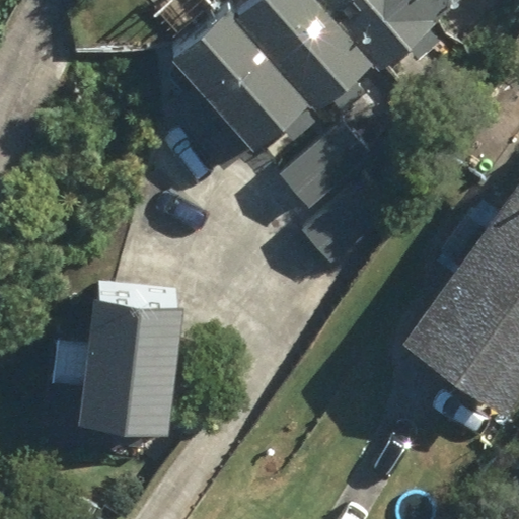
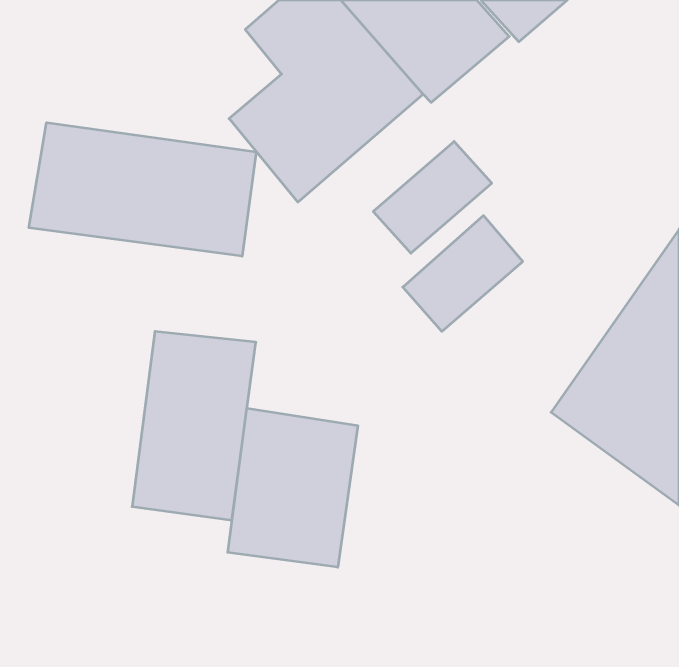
building: none -> [29,123,256,256]
building: none -> [228,408,358,567]

